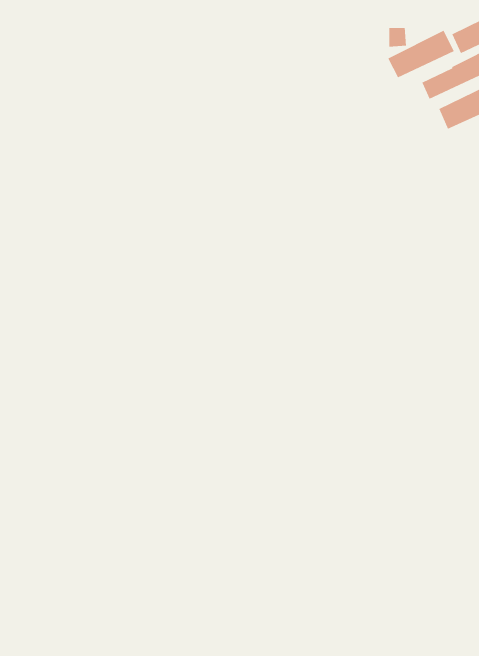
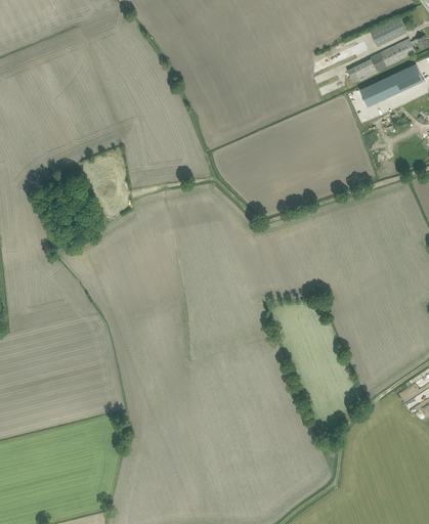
building: [388,30,454,78] -> none

